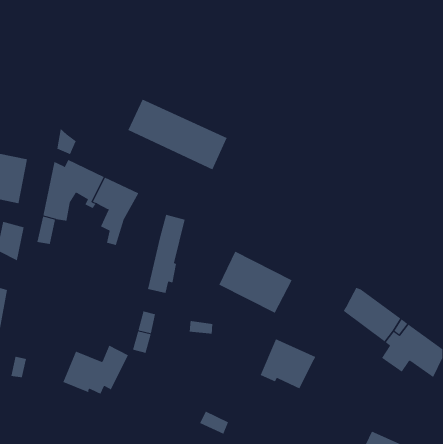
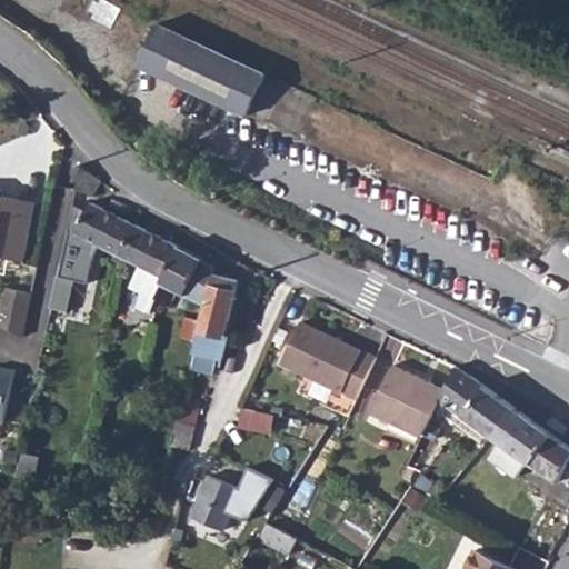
building: [127,99,228,170] -> [136,24,263,116]
building: none -> [159,248,212,305]
building: [260,339,316,389] -> [370,367,442,431]
building: [63,345,129,394] -> [187,469,271,532]

